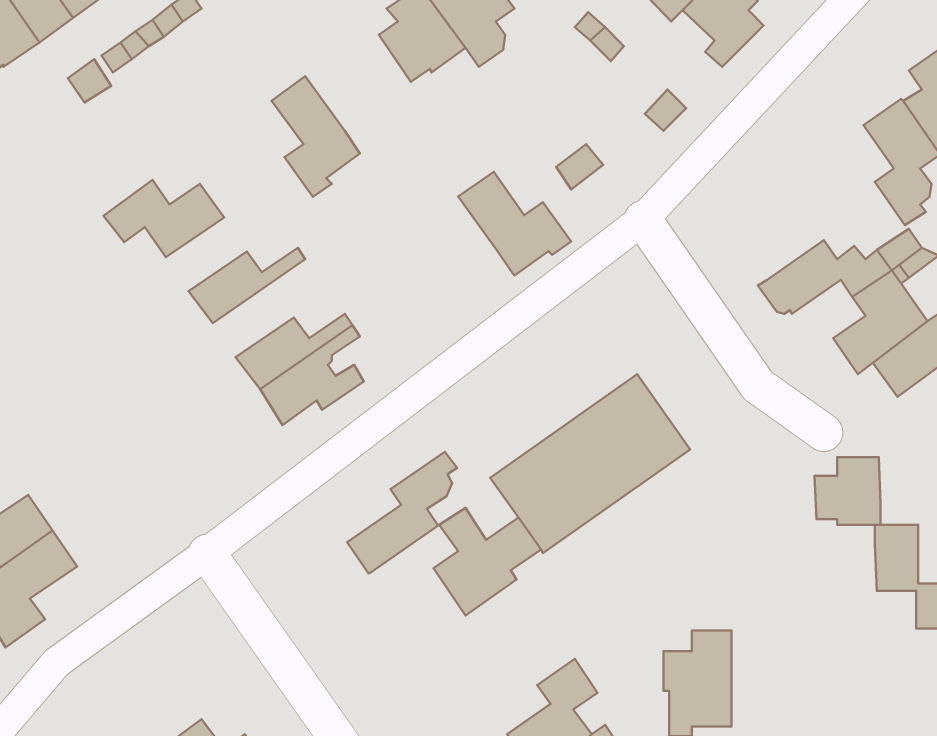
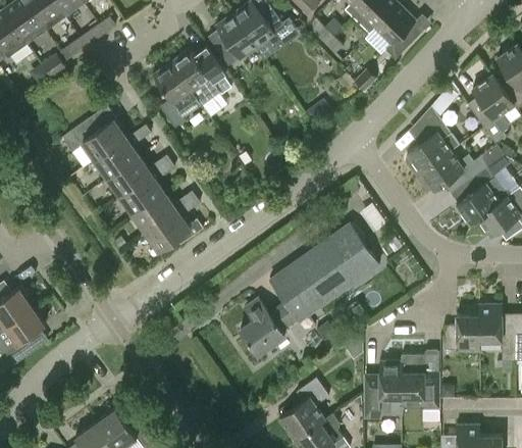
building: none -> [405,113,458,176]
building: [458,172,571,276] -> [170,49,231,105]
building: none -> [95,126,150,179]
building: none -> [120,161,174,214]
building: [347,452,457,574] -> none
building: [815,457,881,525] -> [443,315,479,352]
building: none -> [401,356,438,409]

